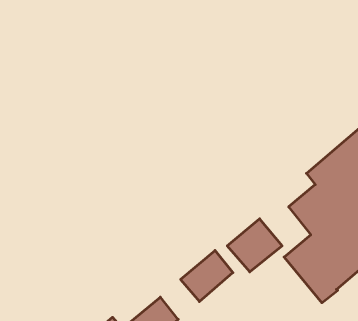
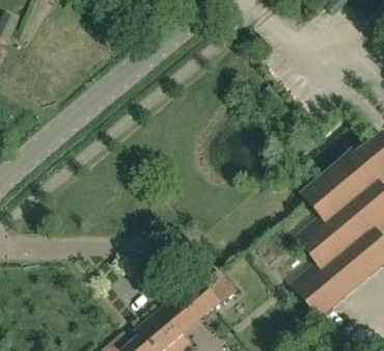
building: [227,219,282,272] -> none

